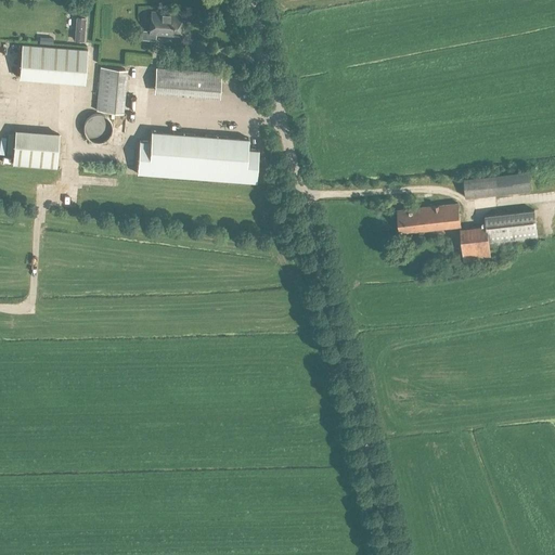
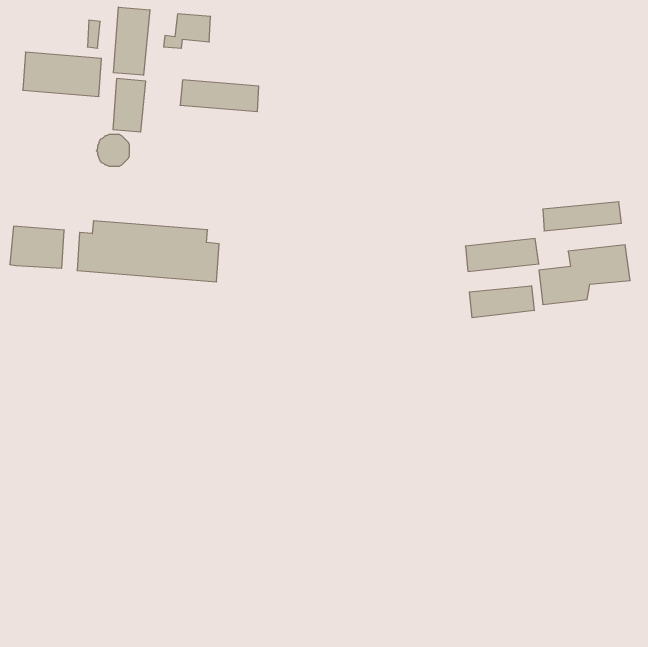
building: none -> [113,7,150,75]
building: [12,132,59,168] -> [10,226,64,268]
building: [137,132,258,184] -> [77,221,219,282]
building: none -> [469,286,534,318]

